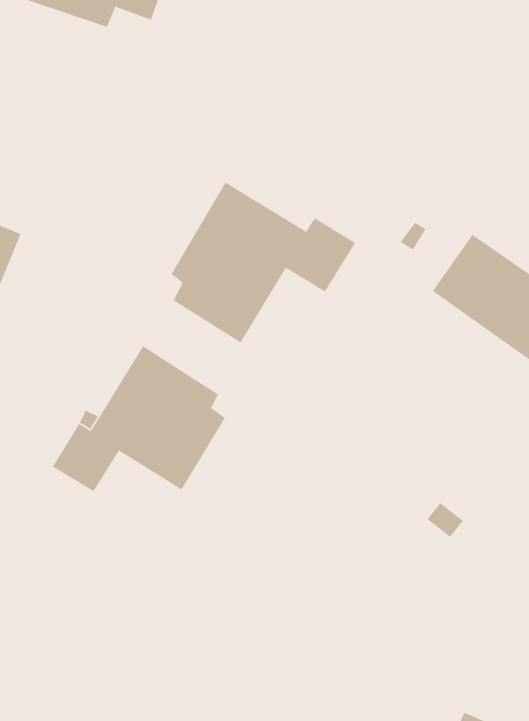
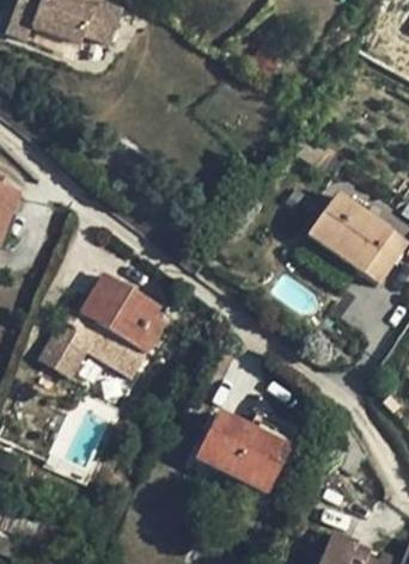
building: [170,182,356,343] -> none
building: none -> [199,413,294,492]

